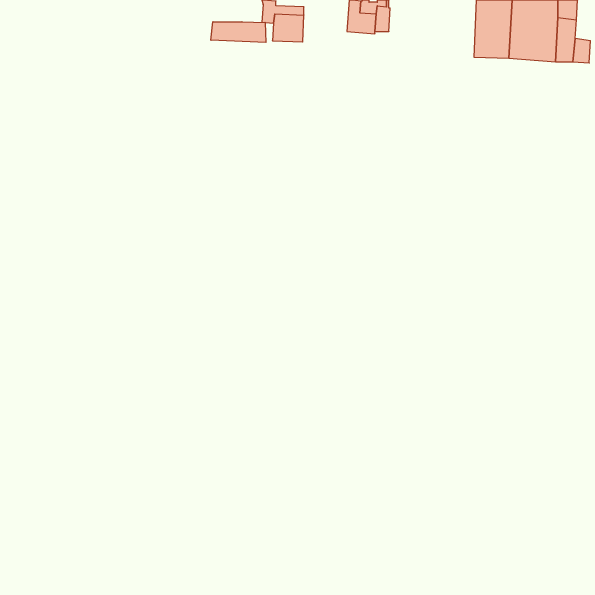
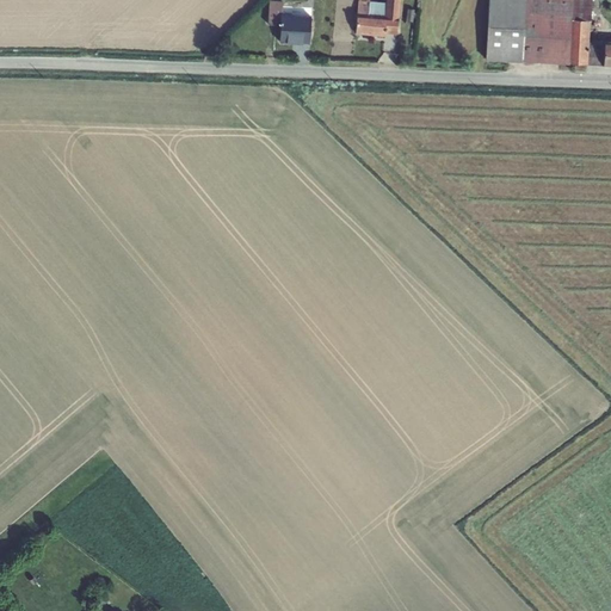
building: [211,22,266,42] -> none

